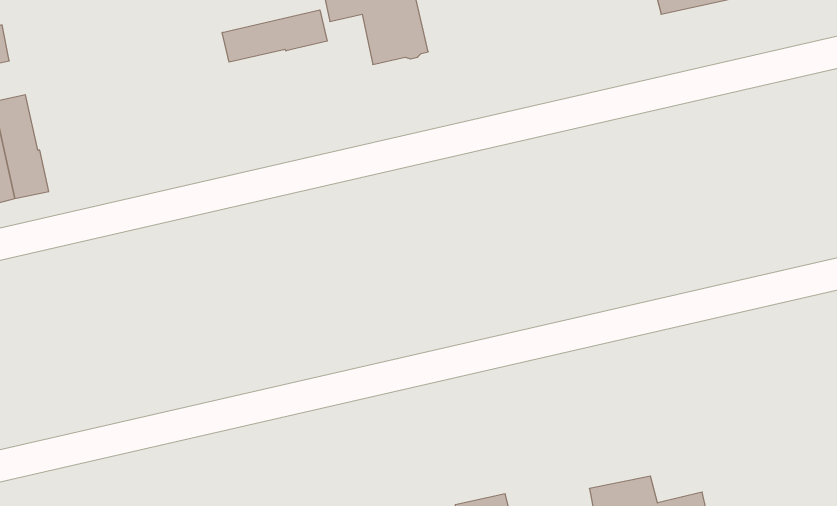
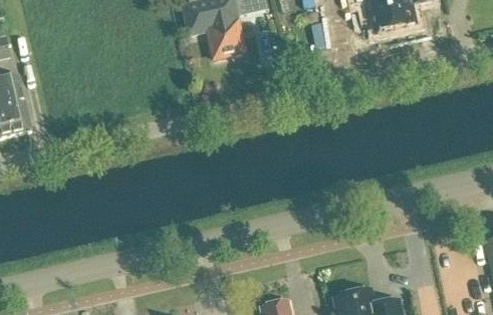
building: [222,10,327,62] -> none

